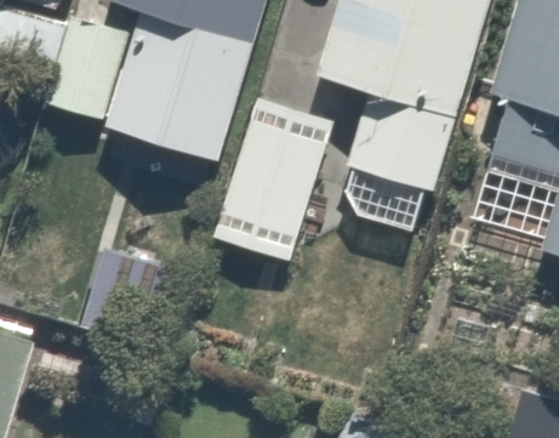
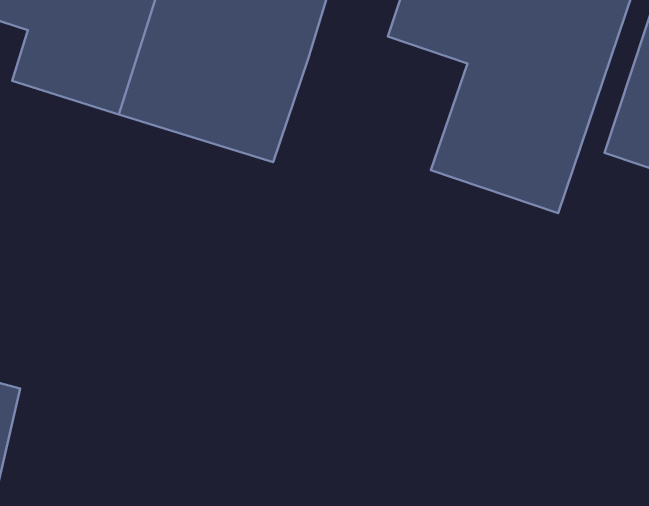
building: [201,89,338,257] -> none

